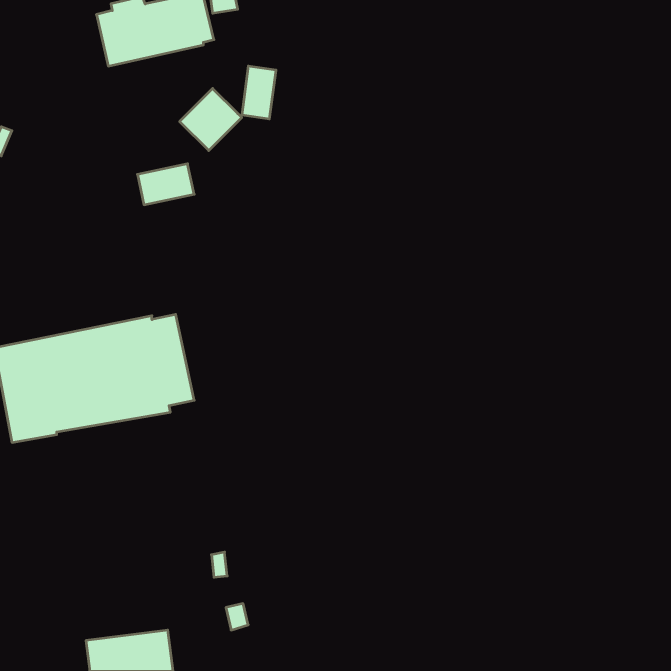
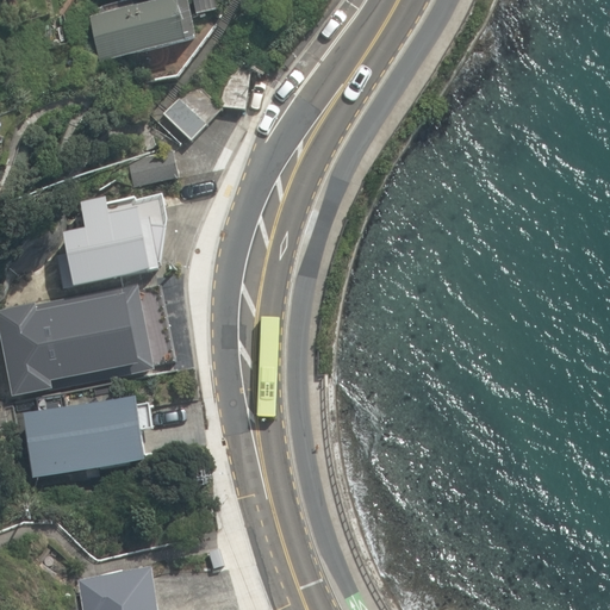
building: none -> [56,195,166,291]
building: none -> [23,393,144,475]

